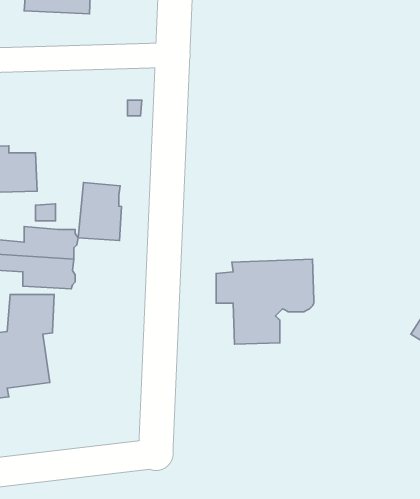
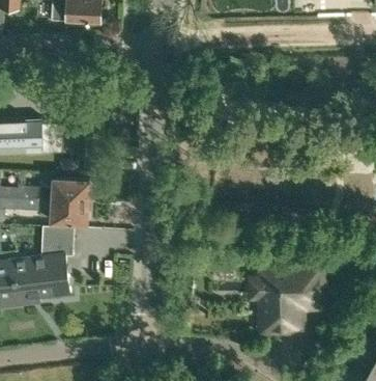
building: [78,182,122,240] -> none
building: [216,259,314,344] -> [249,268,320,330]

